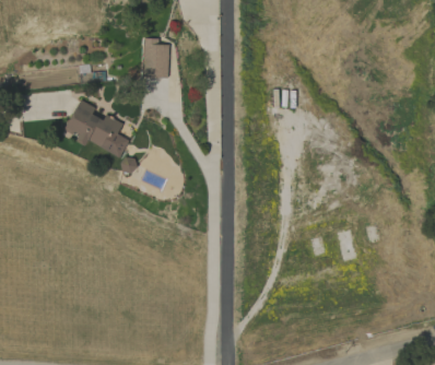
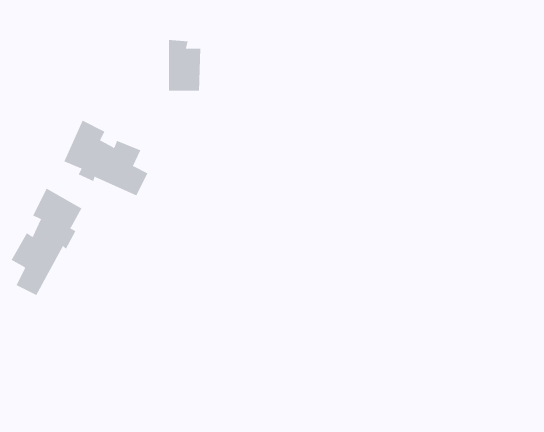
building: none -> [11,188,82,296]

